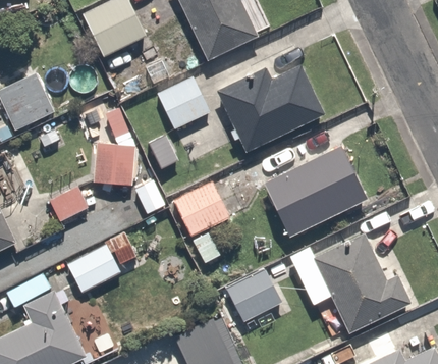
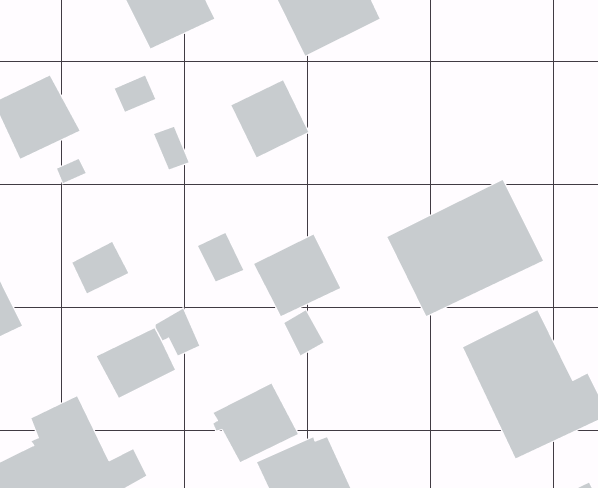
building: [216,64,325,152] -> none
building: [92,142,135,185] -> none
building: [225,267,283,321] -> [213,383,299,463]

